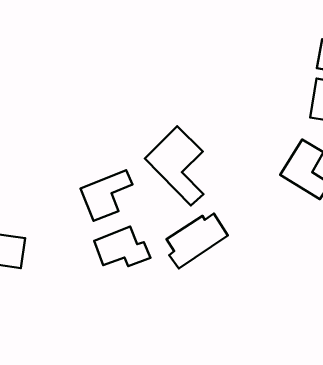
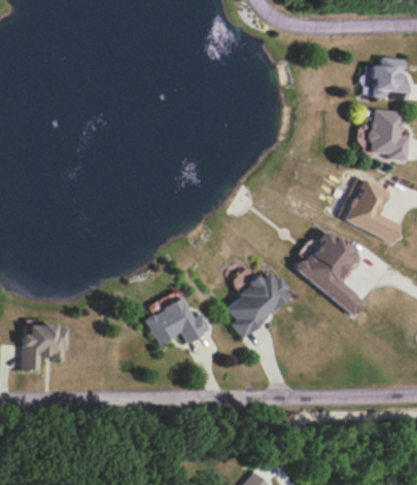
building: [145,126,203,206] -> [294,229,364,315]
building: [80,170,133,221] -> none

